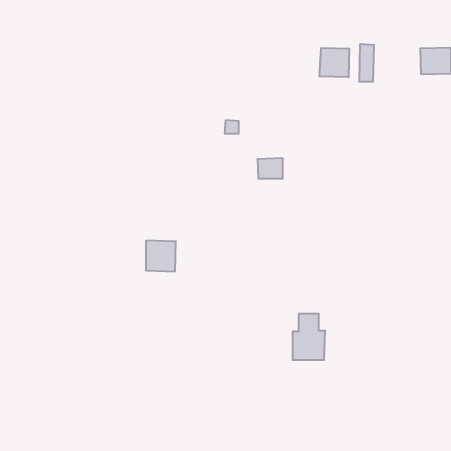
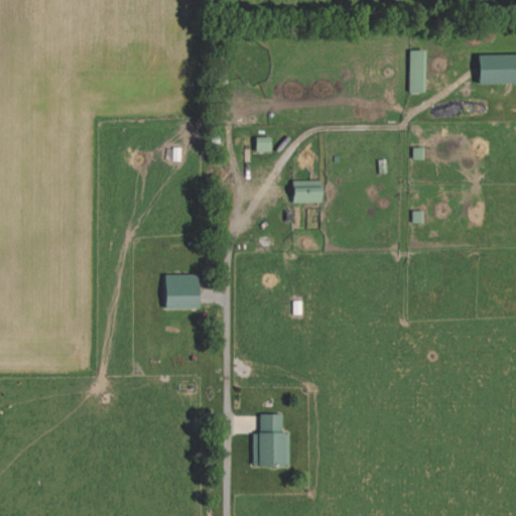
building: [320,48,349,77] -> none
building: [292,314,325,360] -> [253,414,290,467]

